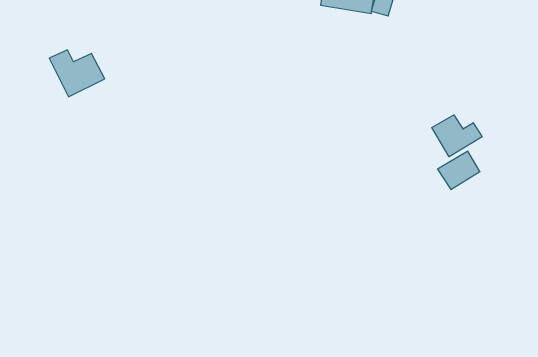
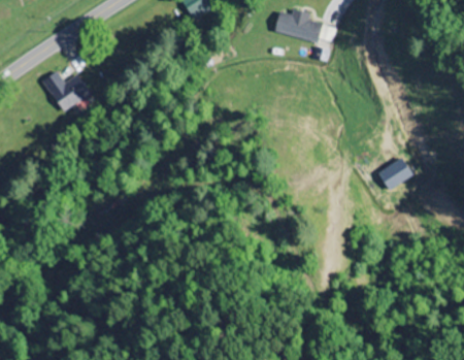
building: [432,115,482,157] -> none

